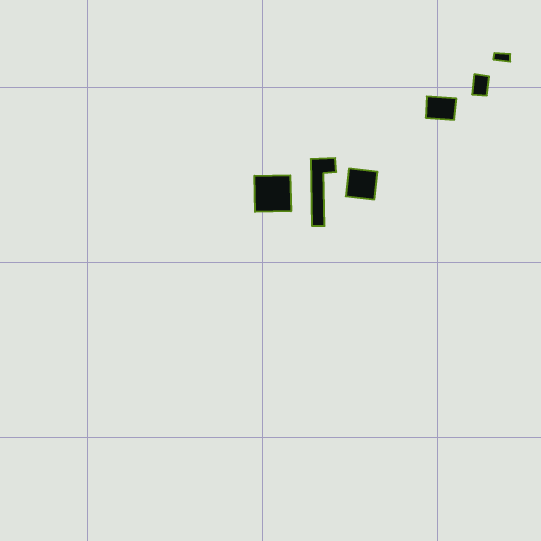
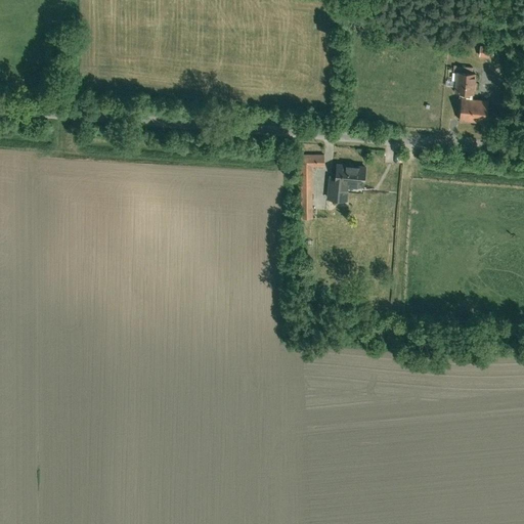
building: [426,96,456,120] -> [460,101,489,124]
building: [254,175,291,212] -> none

